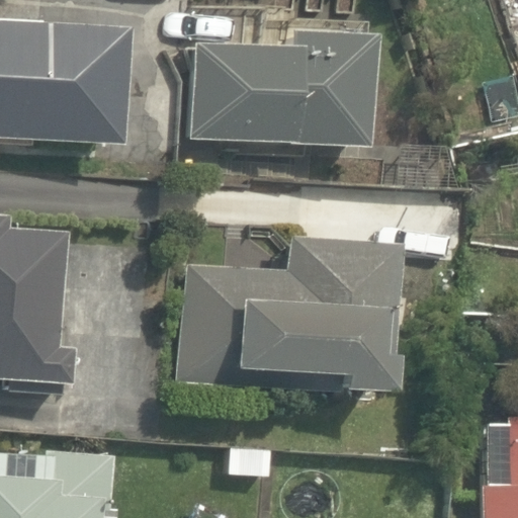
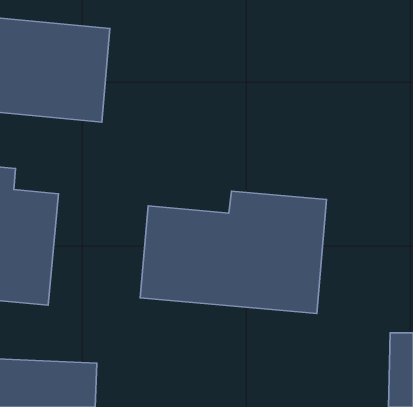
building: [191,35,379,145] -> none

